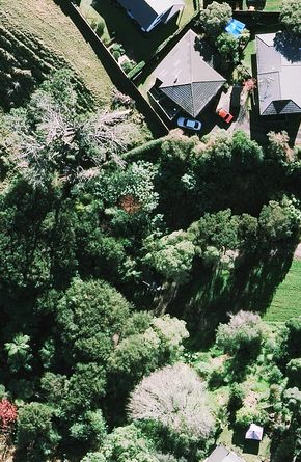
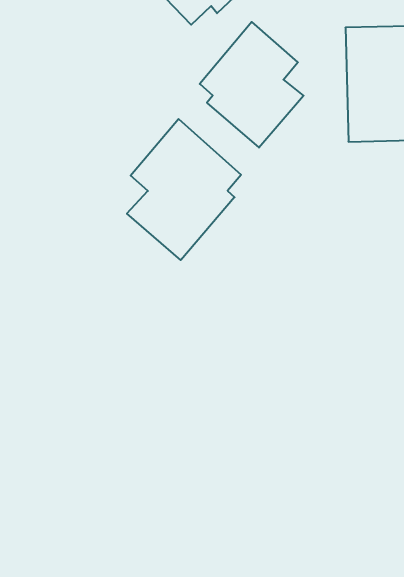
building: none -> [127,119,241,260]

